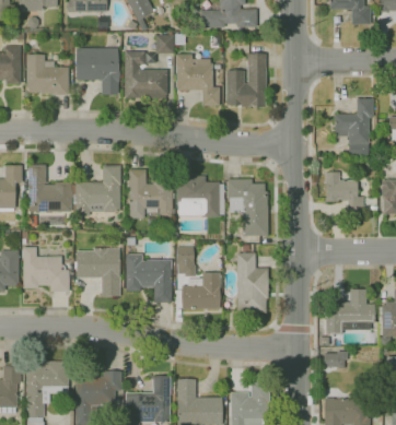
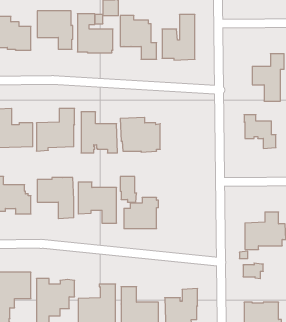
building: [228,178,268,236] -> none
building: [236,252,268,314] -> none

